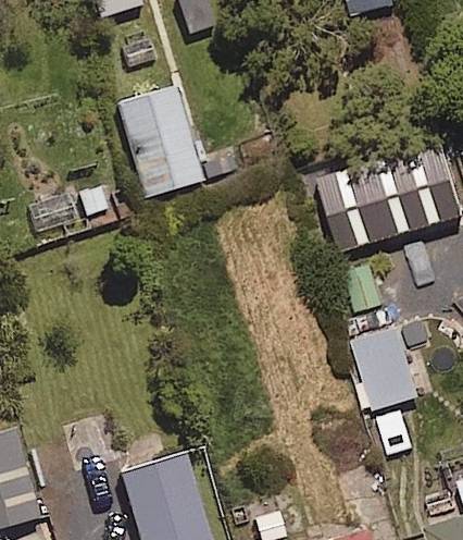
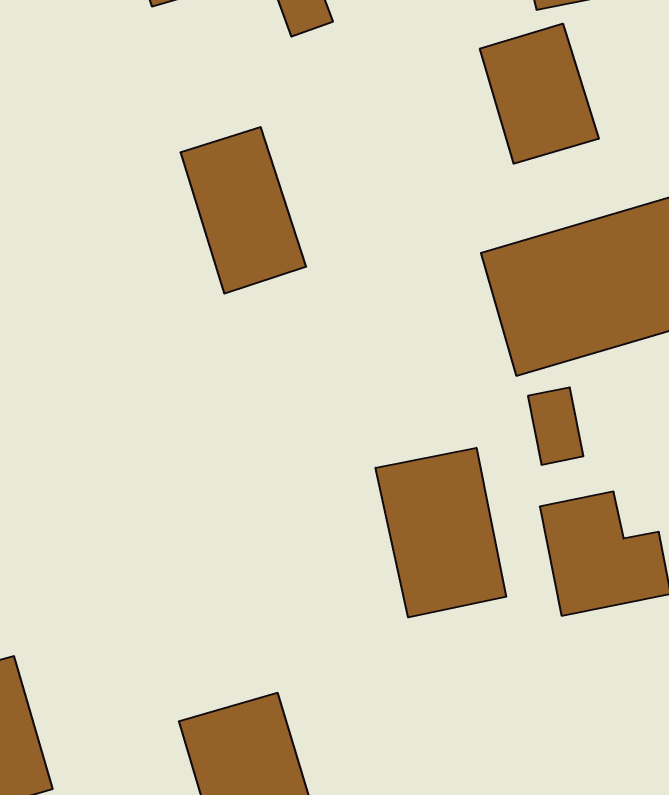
building: none -> [480,24,599,164]
building: none -> [376,448,506,617]

